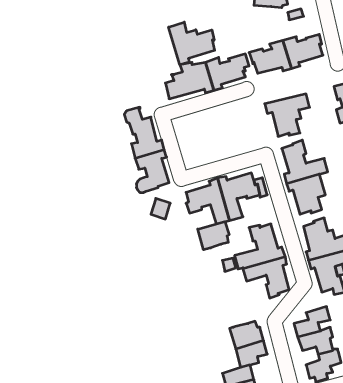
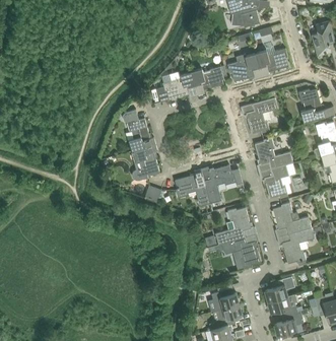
building: [169,22,215,65] -> none
building: [198,222,229,250] -> none

